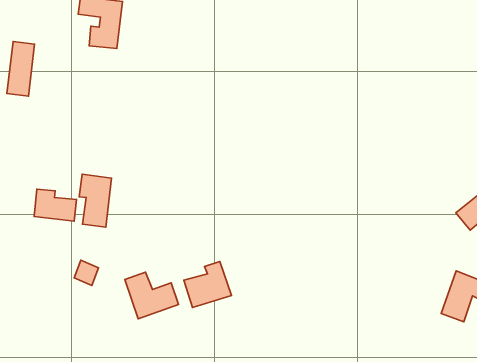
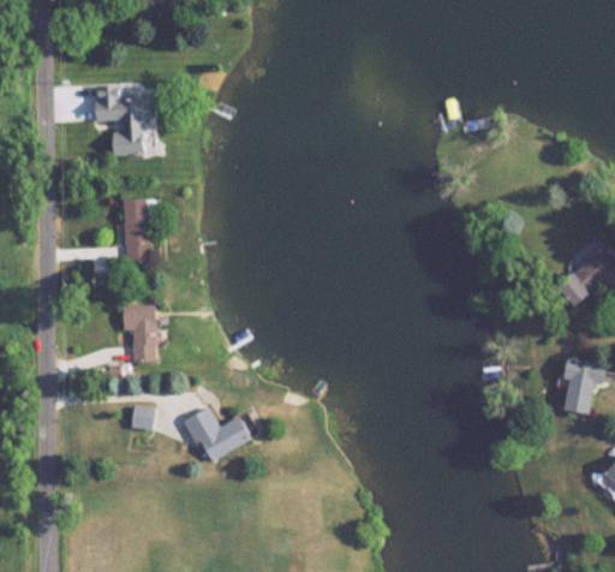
building: [7,41,34,96] -> [123,198,149,260]
building: [34,189,76,221] -> none
building: [184,261,232,307] -> none

